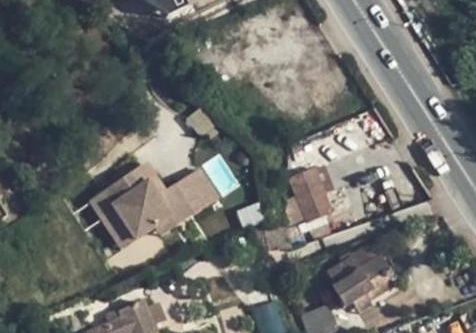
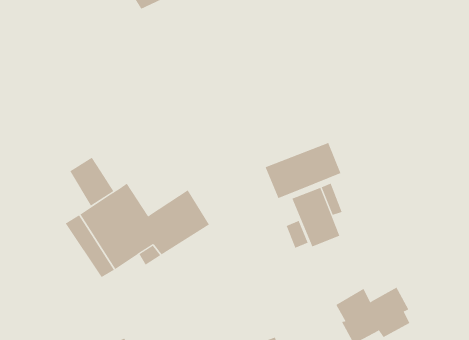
building: none -> [265,142,341,199]
building: none -> [69,157,114,207]

